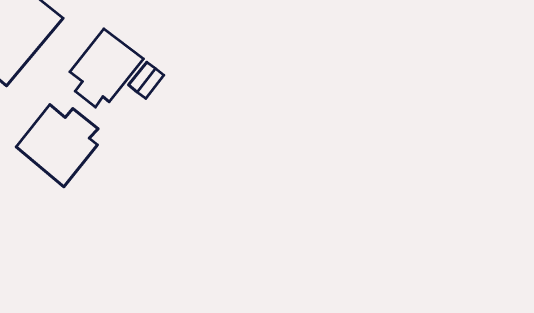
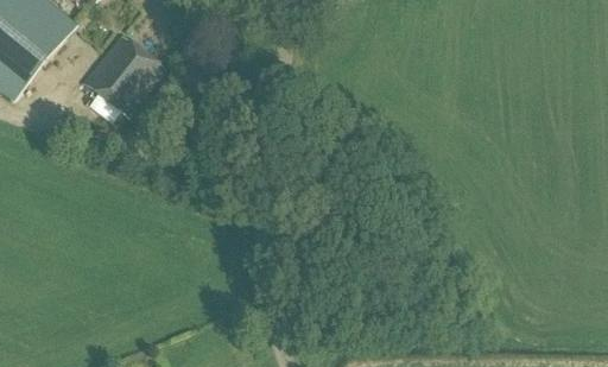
building: [16,105,98,187] -> none

